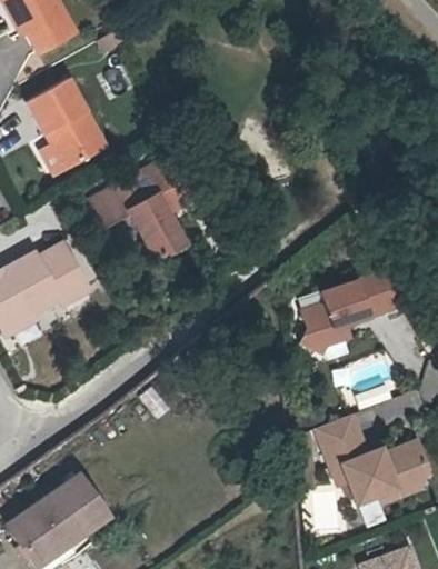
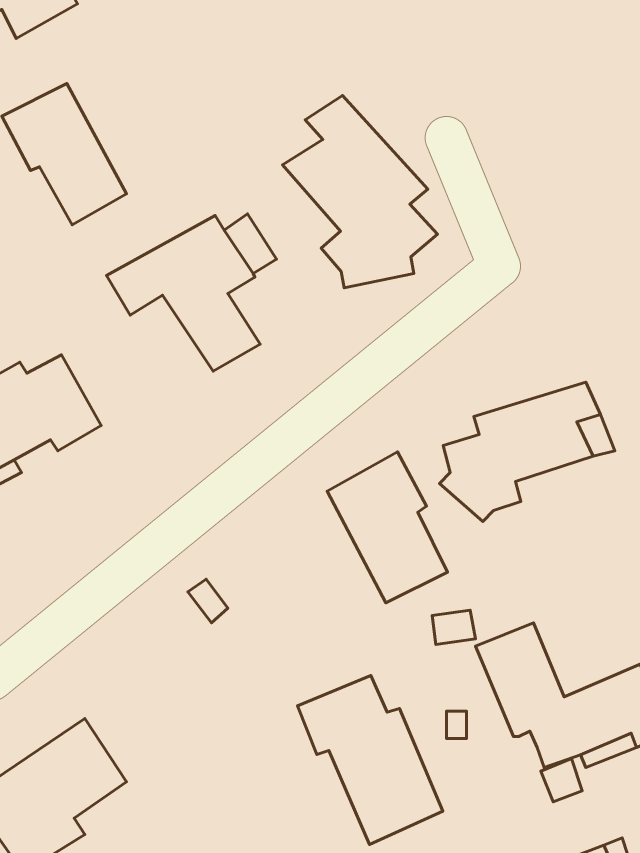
building: none -> [282,95,437,288]
building: none -> [327,452,448,603]
building: none -> [297,676,443,844]

